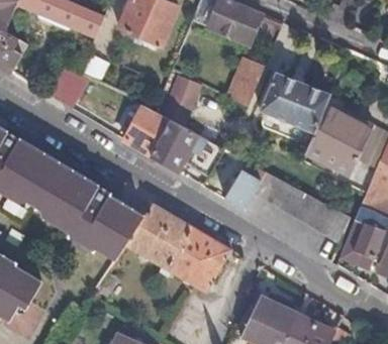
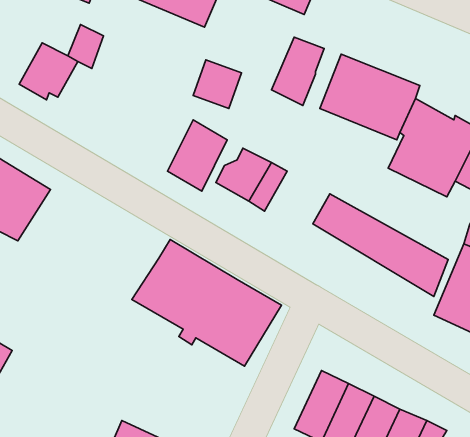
building: [124,104,169,154] -> none
building: [224,161,266,209] -> none
building: [41,167,144,259] -> none

